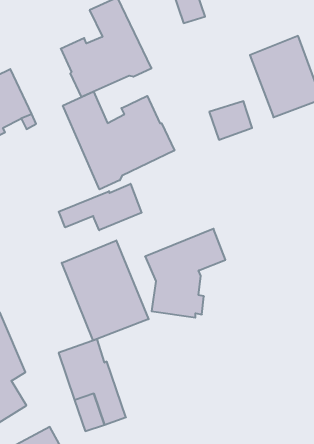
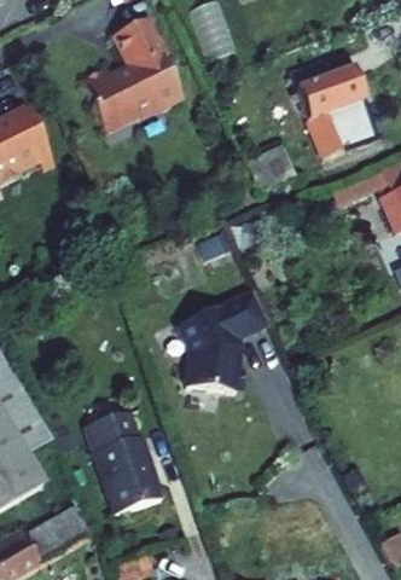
building: [63,91,174,189] -> none
building: [59,184,142,230] -> none
building: [62,240,149,340] -> none

